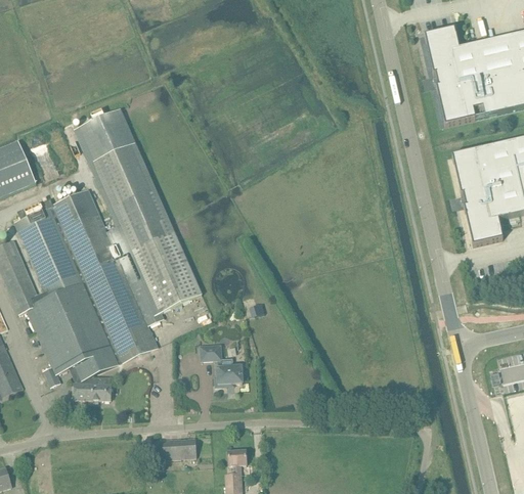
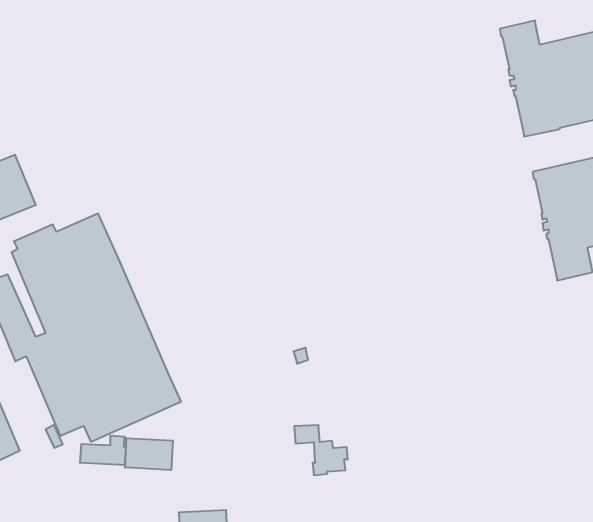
building: [74,107,202,323] -> none
building: [200,344,245,386] -> [294,425,348,475]
building: none -> [125,438,173,470]

